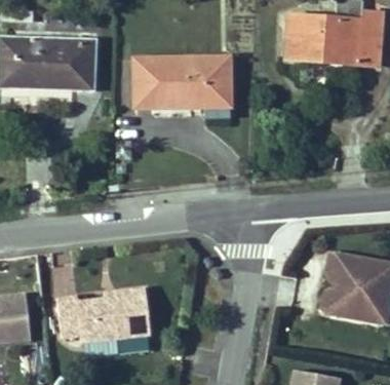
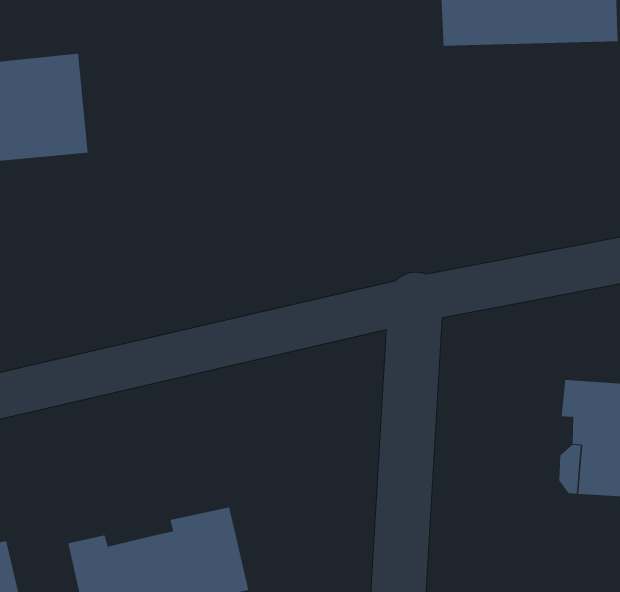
building: [133,57,228,109] -> none

